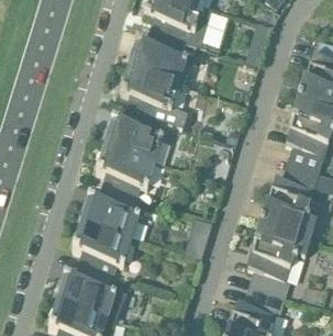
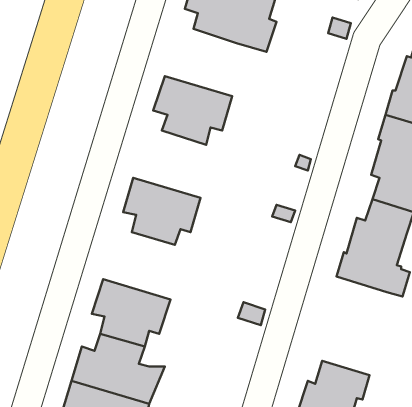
building: [130,30,189,81] -> none
building: [106,108,165,159] -> none
building: [82,186,142,237] -> none
building: [249,220,312,295] -> none

